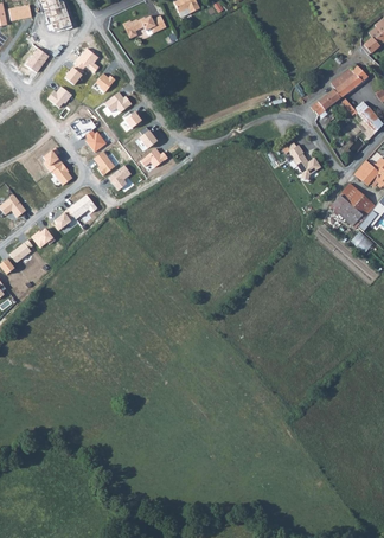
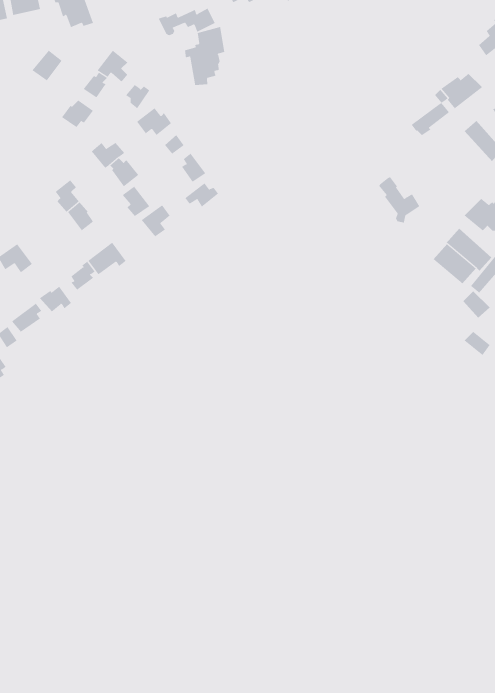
building: none -> [184,26,225,86]

